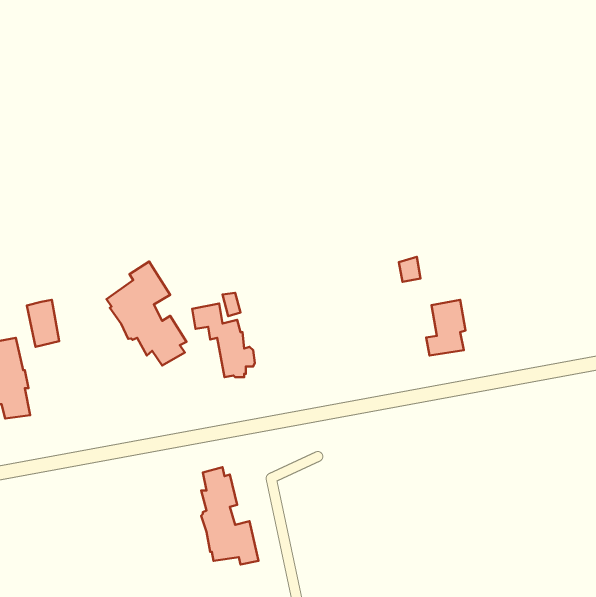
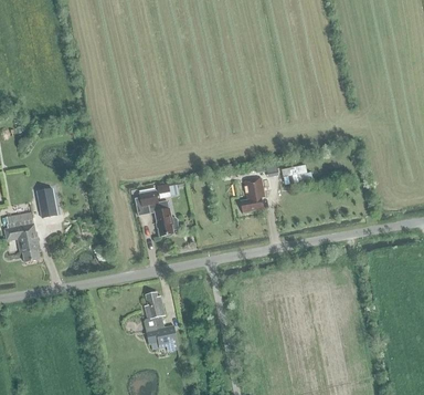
building: [106,261,186,366] -> none
building: [426,300,466,356] -> [239,178,263,212]

